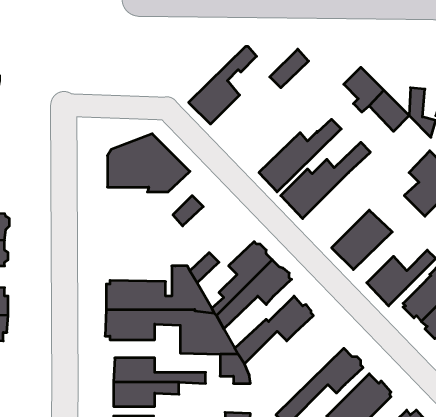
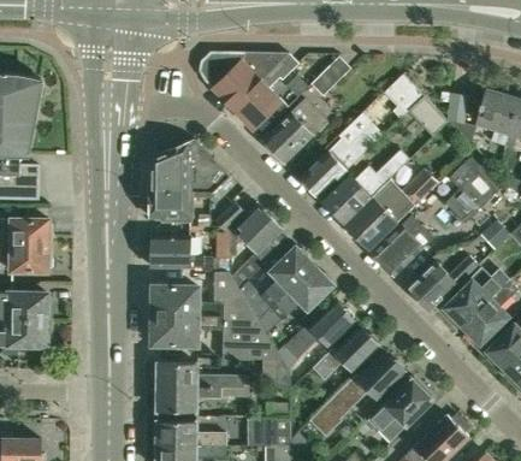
building: none -> [197,53,286,110]
building: none -> [261,99,326,164]
building: none -> [343,171,437,250]
building: none -> [148,194,190,223]
building: none -> [230,208,282,255]
building: none -> [148,236,217,272]
building: none -> [313,329,377,379]

